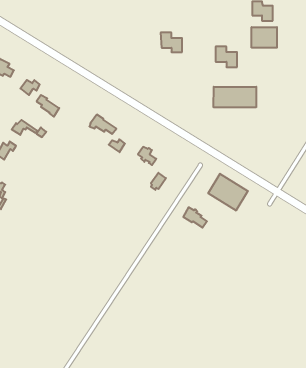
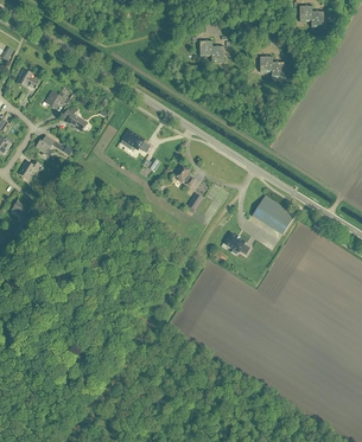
building: [252,27,277,48] -> none
building: [214,87,256,107] -> none

